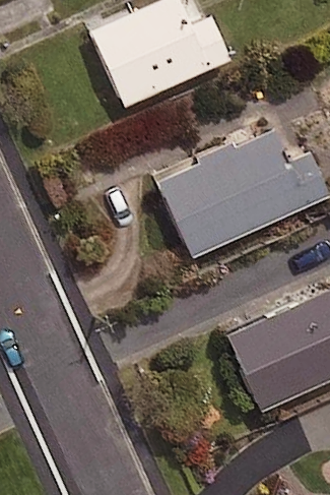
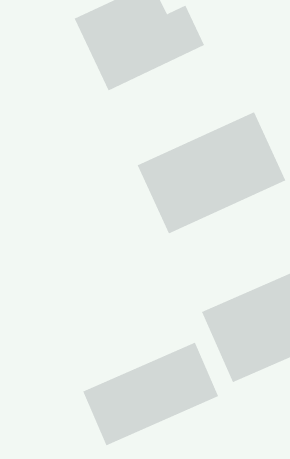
building: none -> [82,342,219,446]

